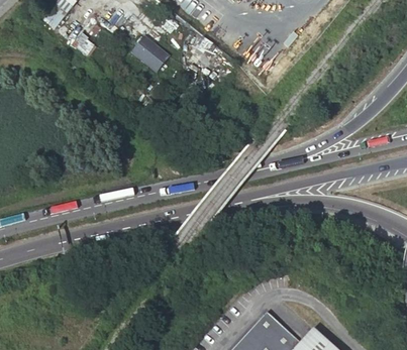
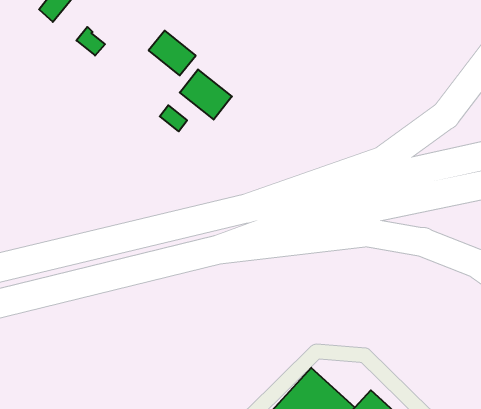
building: none -> [180,69,232,120]

